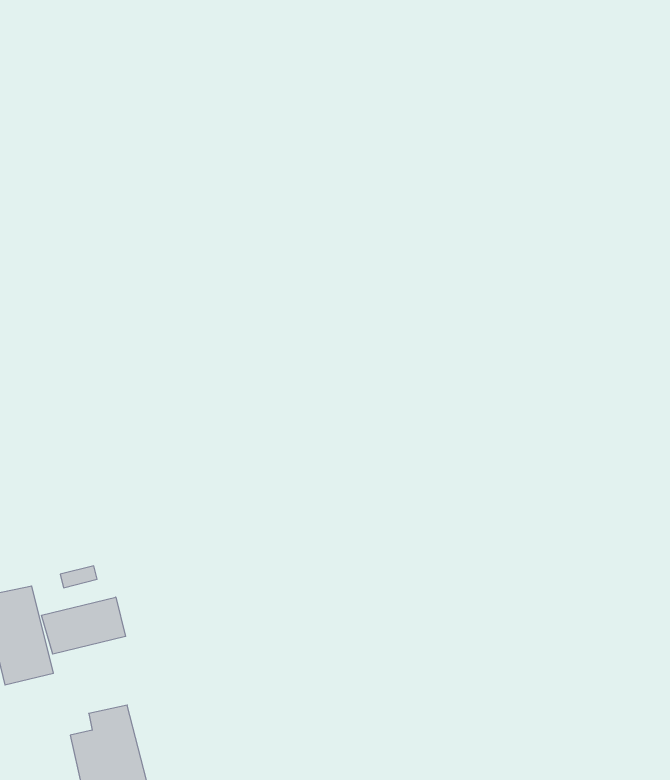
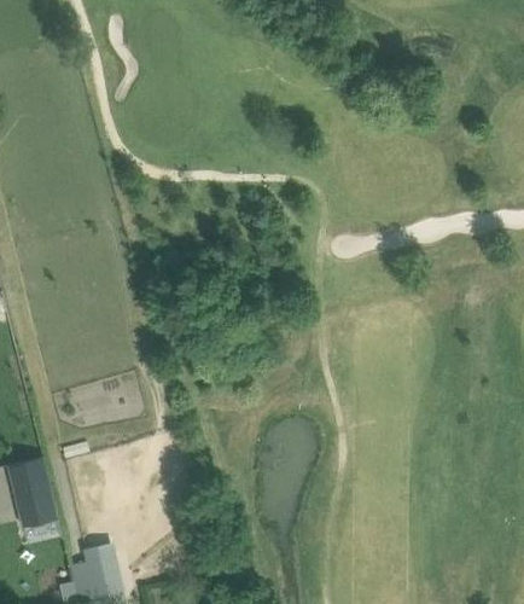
building: [42,597,126,654] -> none

